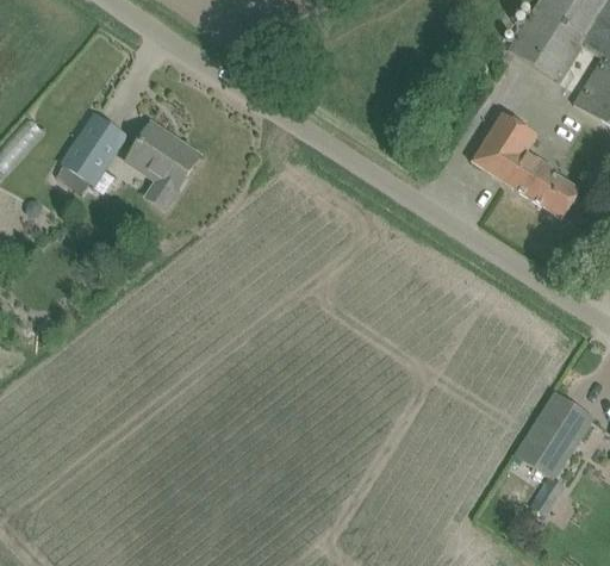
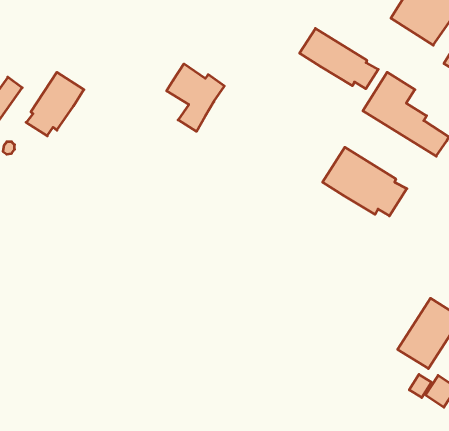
building: none -> [300,28,378,89]
building: [129,126,200,210] -> [167,64,224,131]
building: none -> [323,147,407,216]

